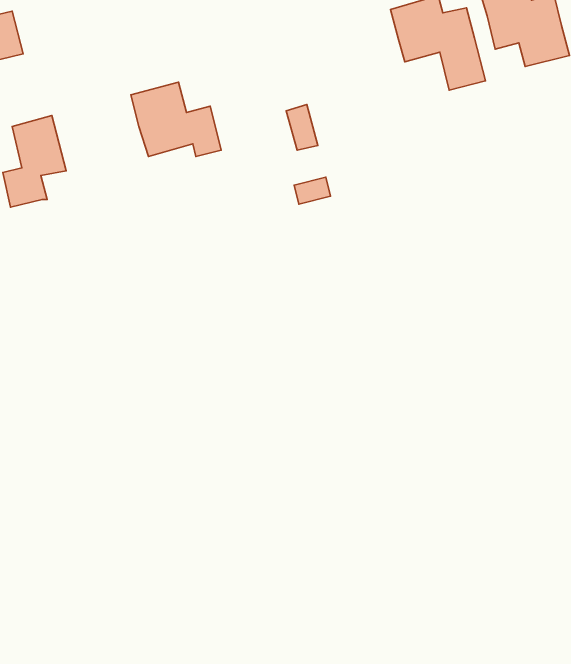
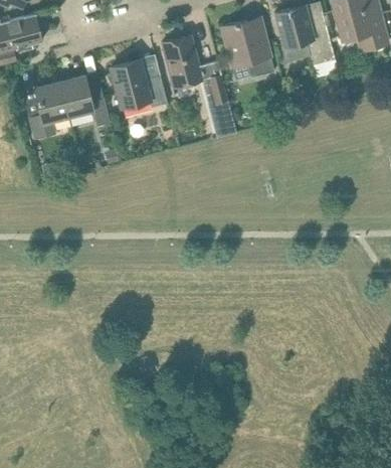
building: none -> [221,21,274,77]
building: none -> [161,35,202,88]
building: none -> [59,75,110,126]

